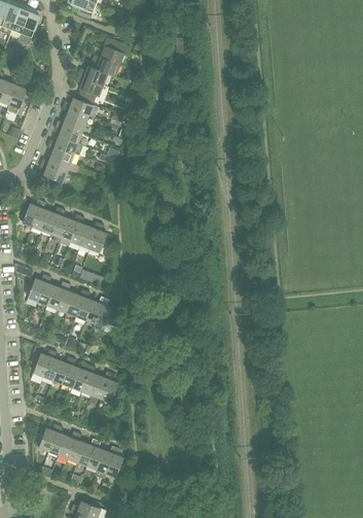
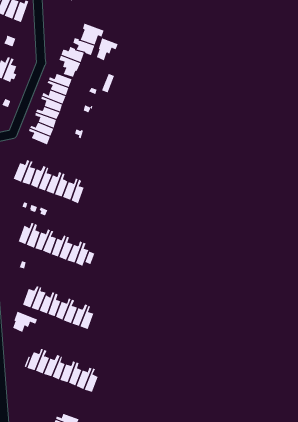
building: none -> [96,38,119,61]
building: none -> [12,311,38,333]

